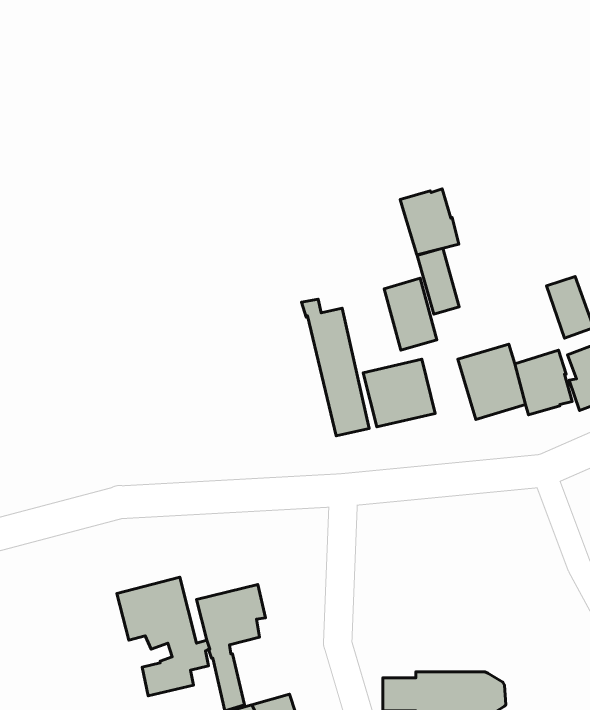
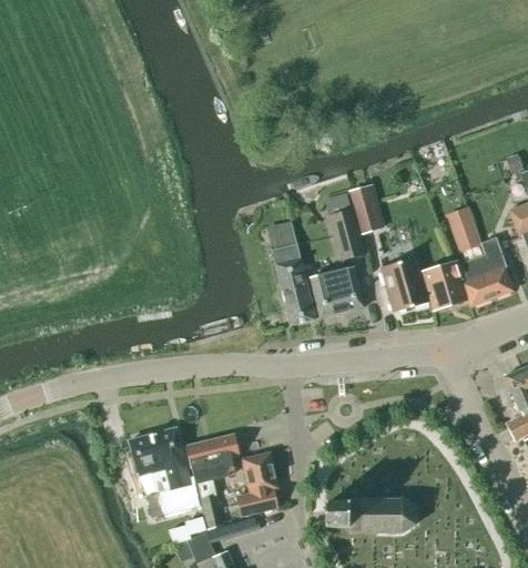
building: [400,189,459,255] -> none
building: none -> [238,452,278,516]

